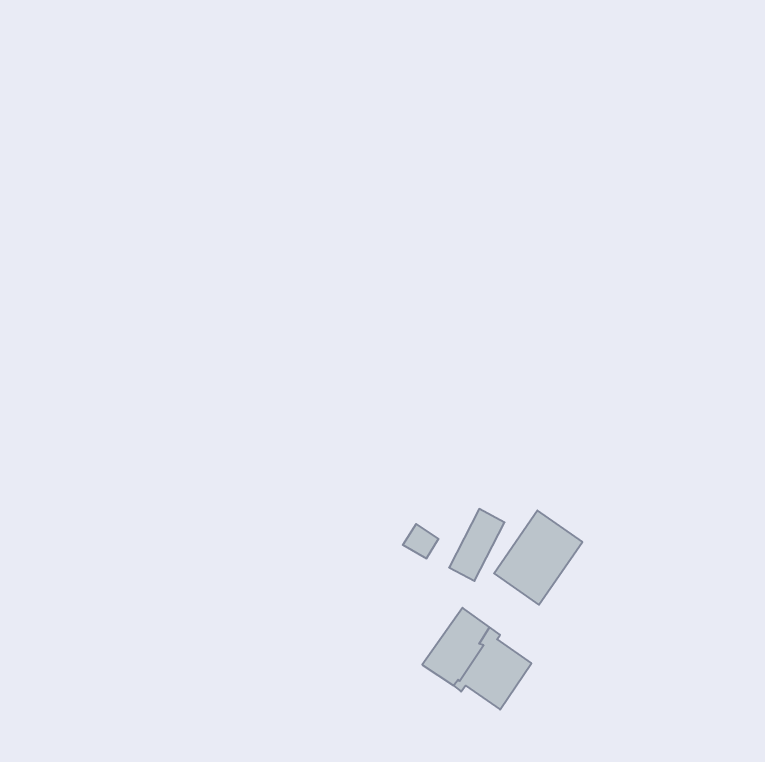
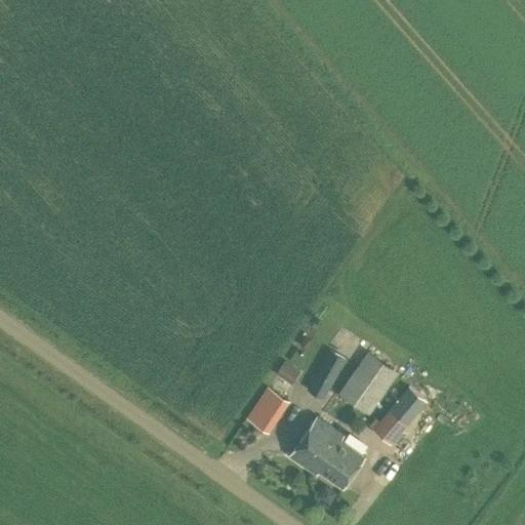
building: none -> [372,388,423,446]
building: none -> [246,389,289,435]

